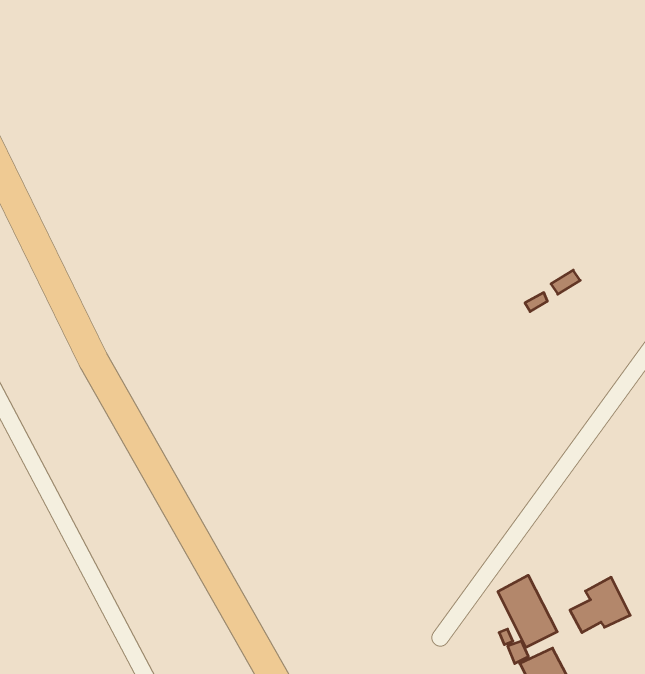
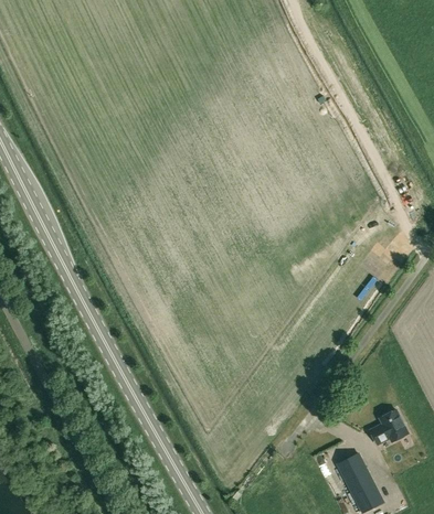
building: [498,575,557,647] -> none

